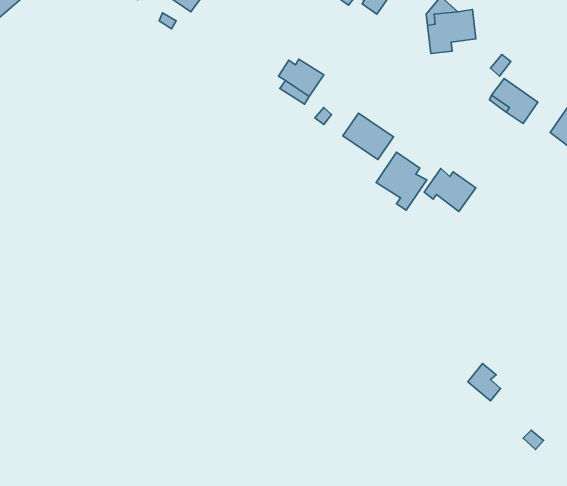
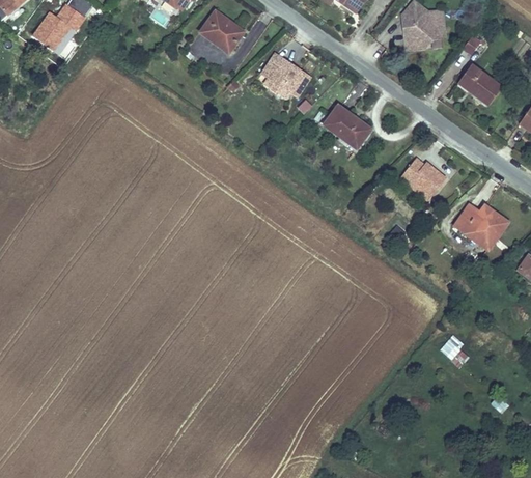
building: none -> [37,7,86,53]
building: none -> [201,8,247,52]
building: [376,152,427,210] -> none
building: none -> [453,202,505,248]

